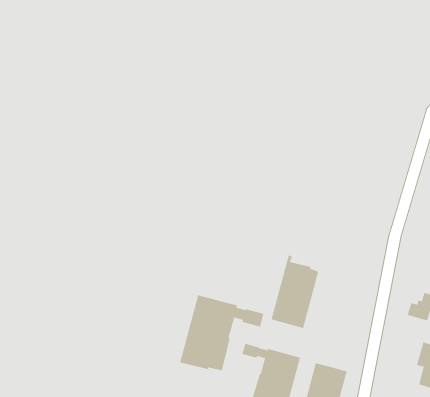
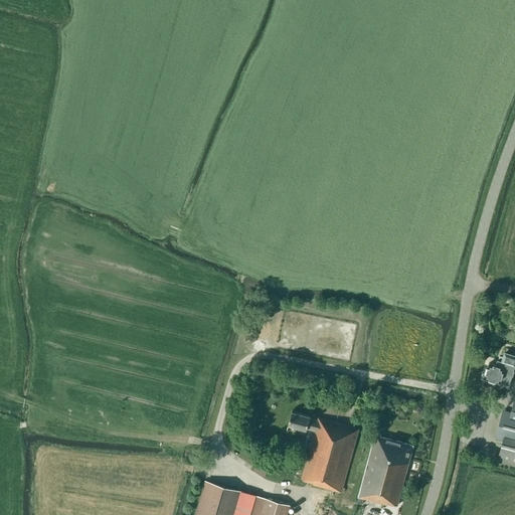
building: [271,255,319,329] -> none
building: [179,295,264,371] -> none

